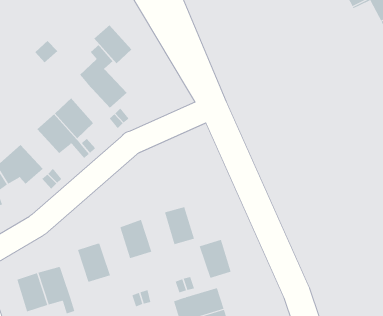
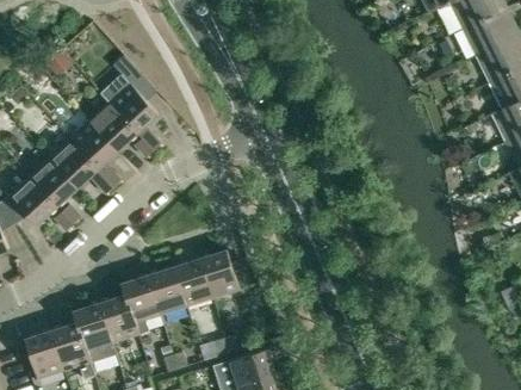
building: [94,25,132,64] -> [91,103,137,150]
building: none -> [30,157,76,205]
building: none -> [122,276,161,334]
building: [199,239,231,279] -> [175,258,215,305]
building: none -> [74,303,114,361]

